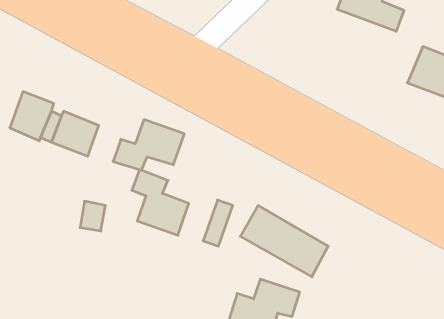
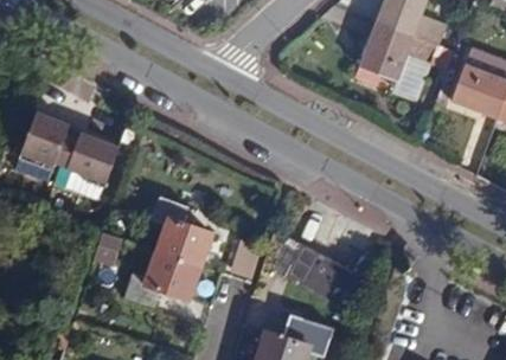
building: none -> [357,24,437,83]
building: [113,120,184,170] -> [124,252,201,307]

